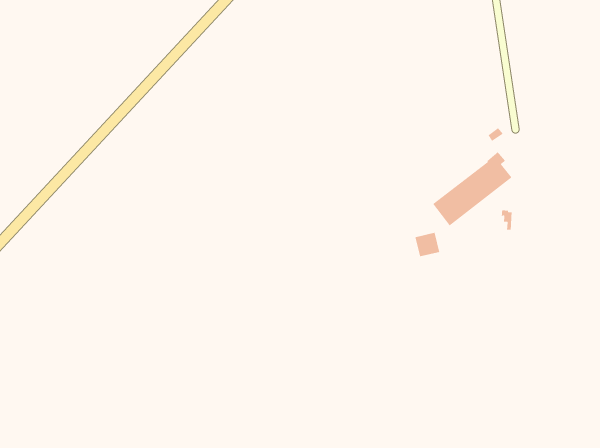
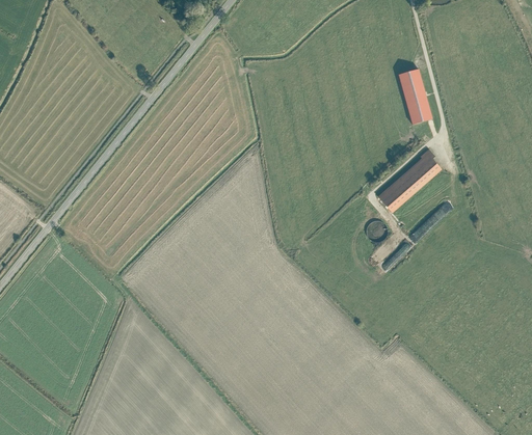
building: none -> [398,69,431,124]

